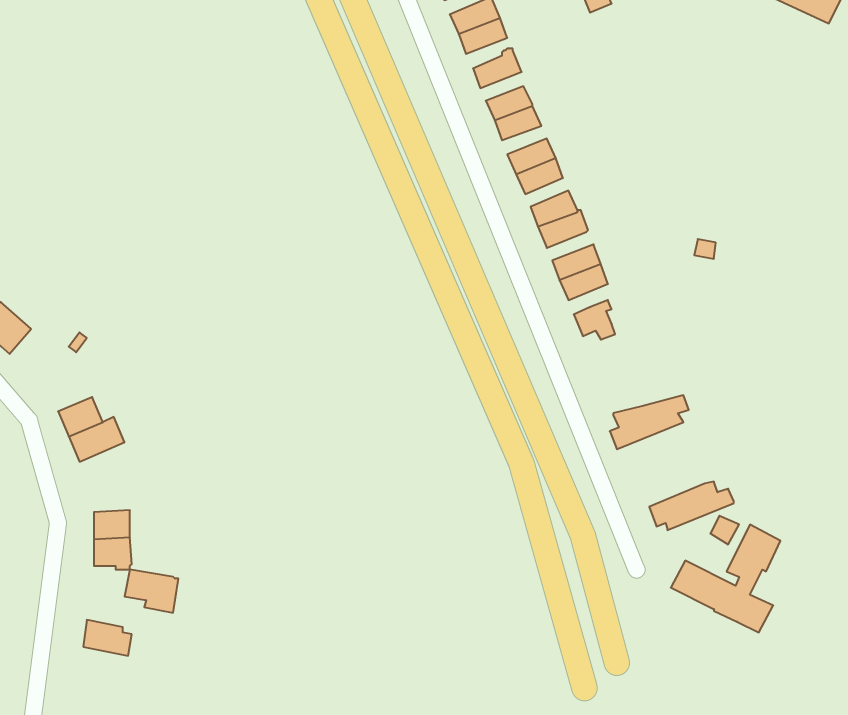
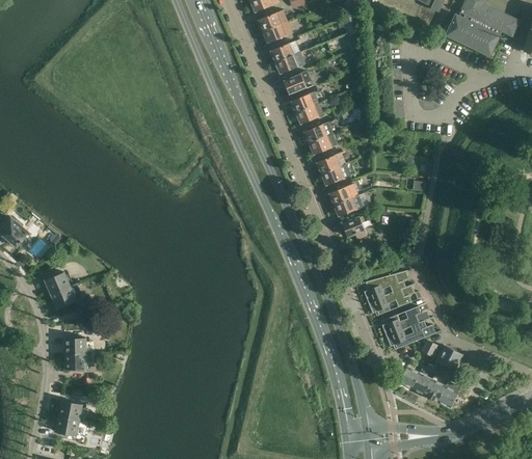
building: none -> [367,285,414,316]
building: none -> [381,306,420,335]
building: [125,570,178,613] -> [55,416,86,441]

